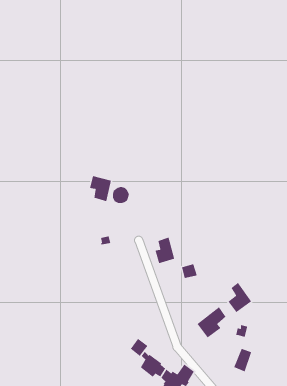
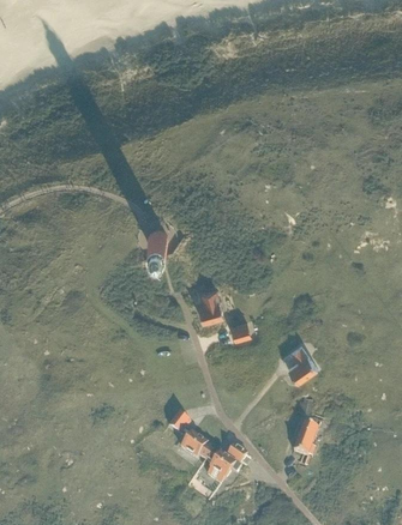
building: [89,175,112,202] -> none
building: [197,306,227,339] -> none

